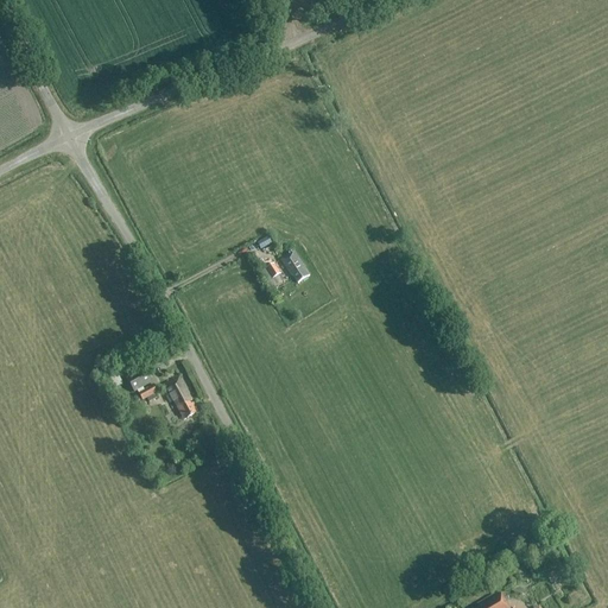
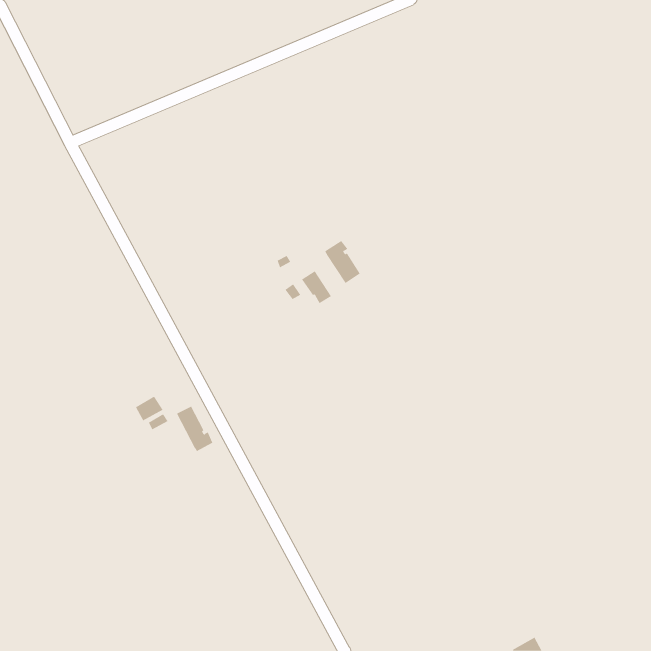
building: none -> [324,240,360,284]

